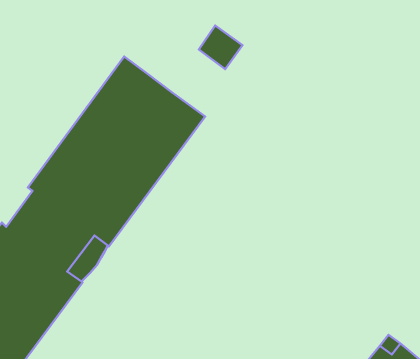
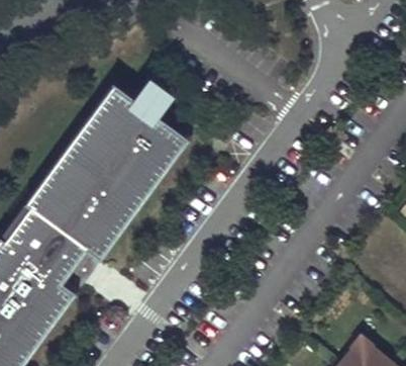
building: [199,26,243,69] -> [135,76,176,116]

